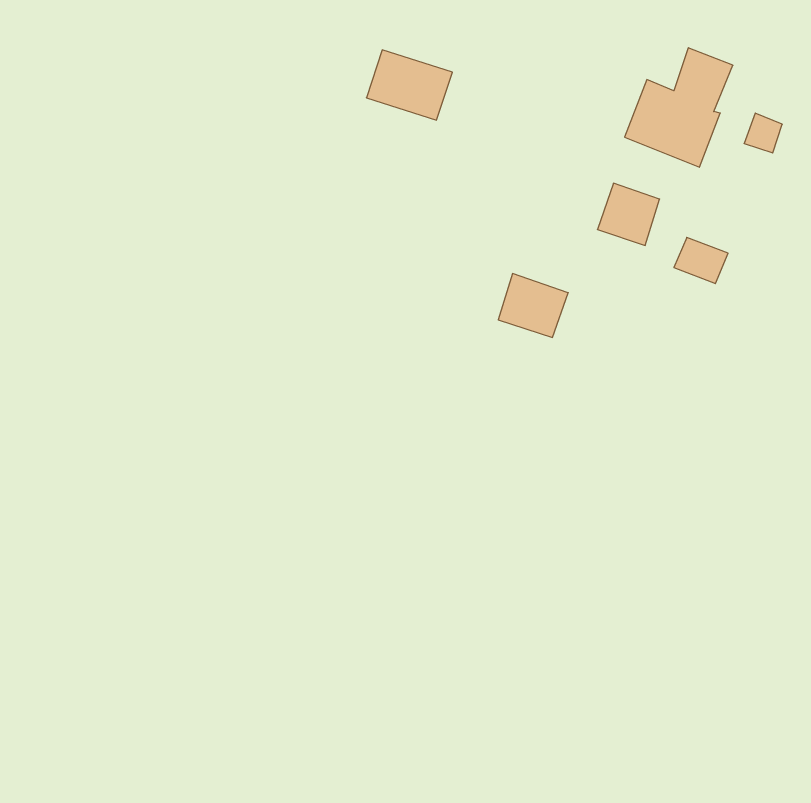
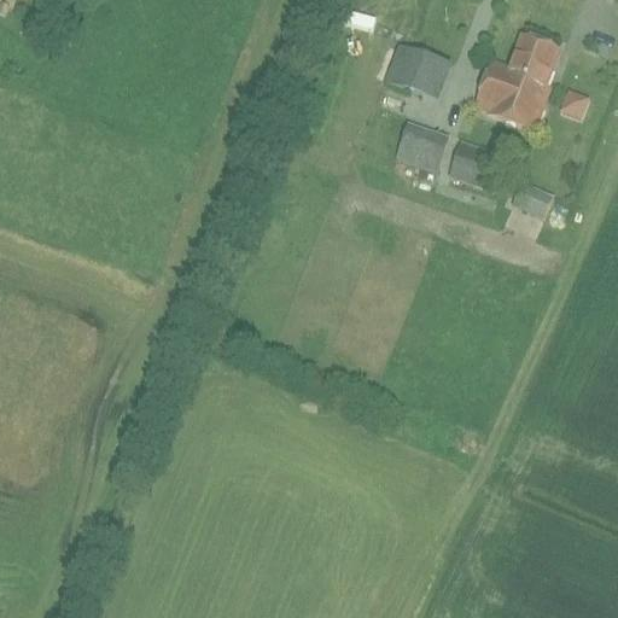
building: [366,50,452,120] -> [390,43,455,97]
building: [498,274,568,337] -> [393,121,447,169]

